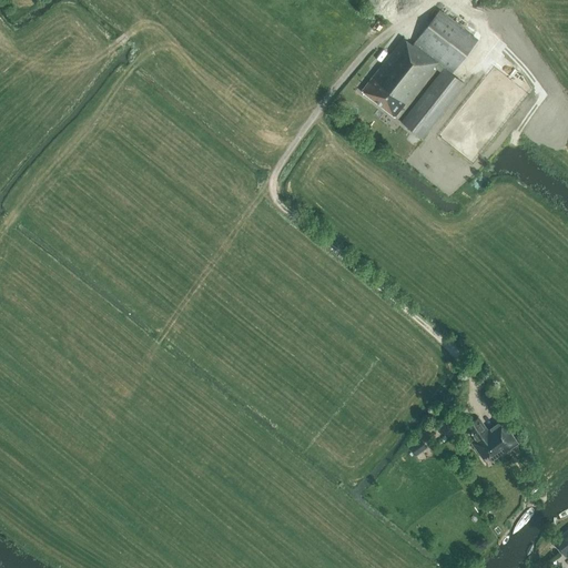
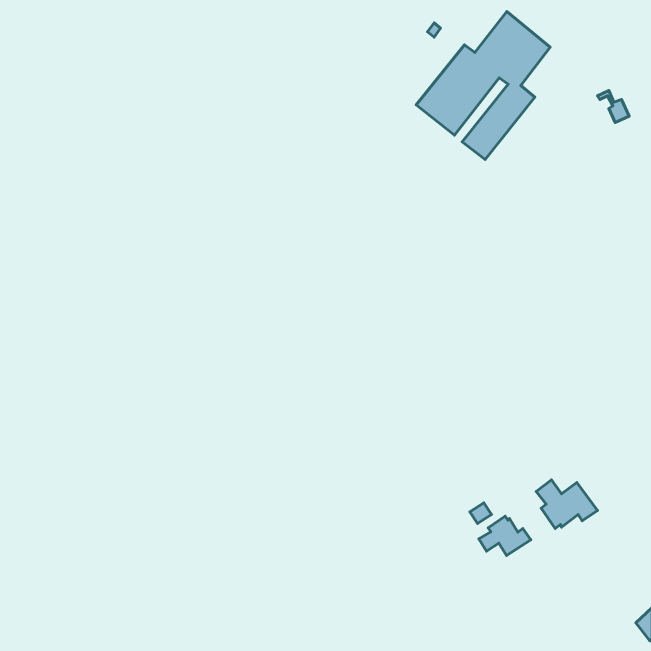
building: none -> [479,516,531,556]

